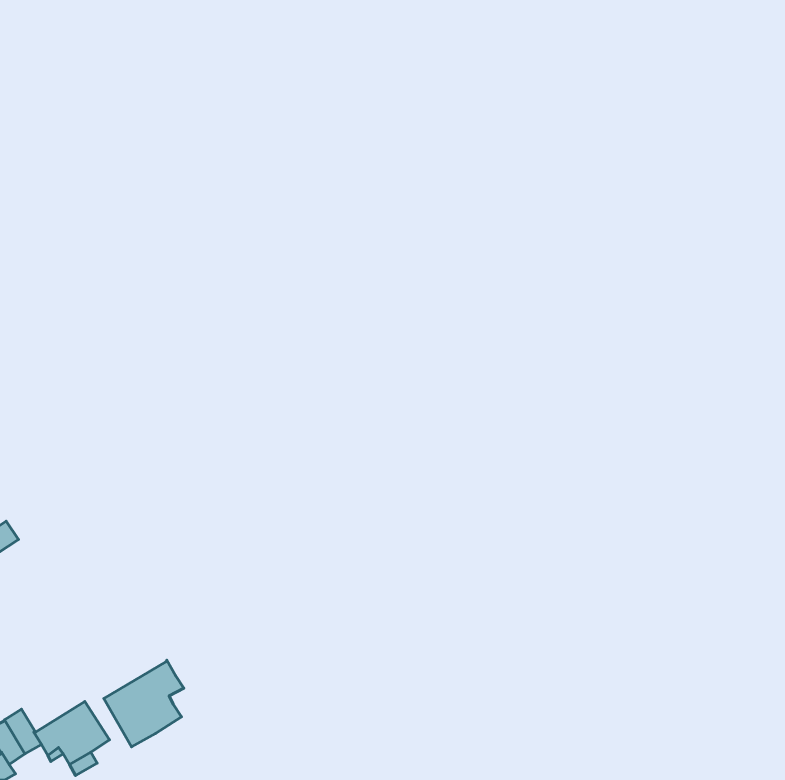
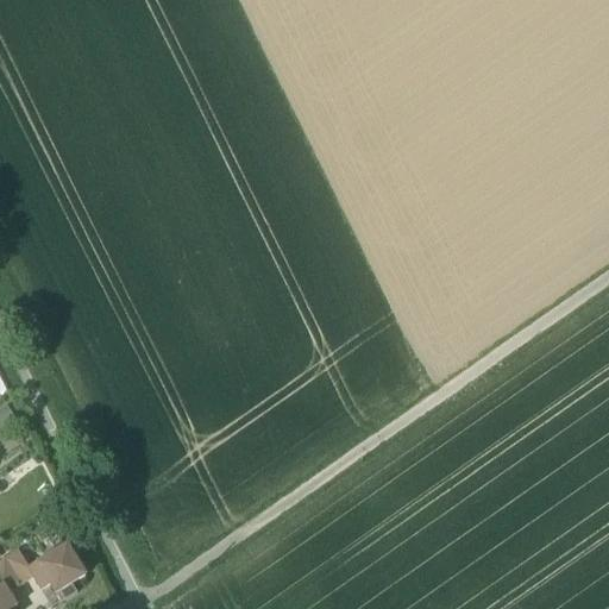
building: [104,660,184,747] -> none

